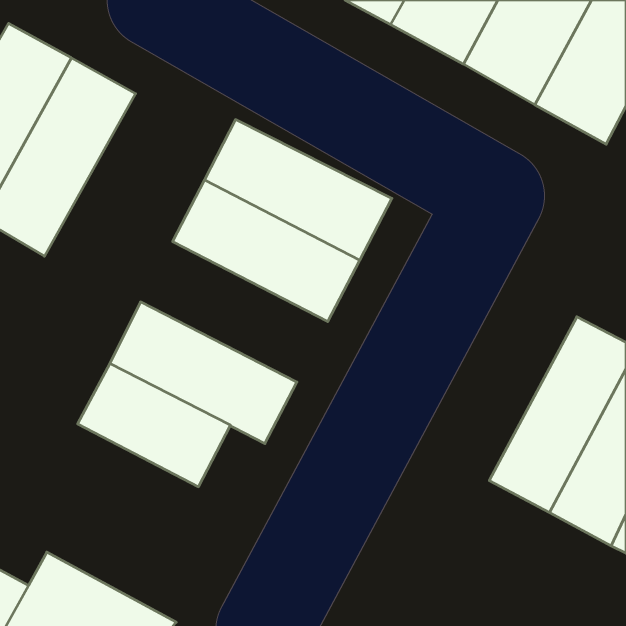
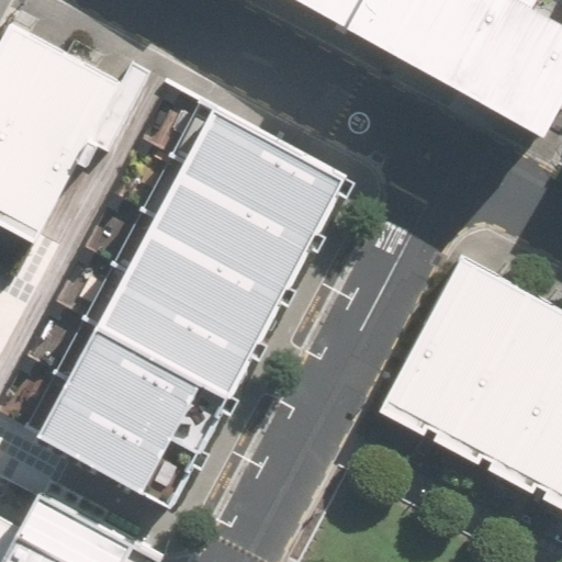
building: none -> [125,218,292,344]
building: none -> [381,257,514,431]
building: none -> [42,381,177,491]

